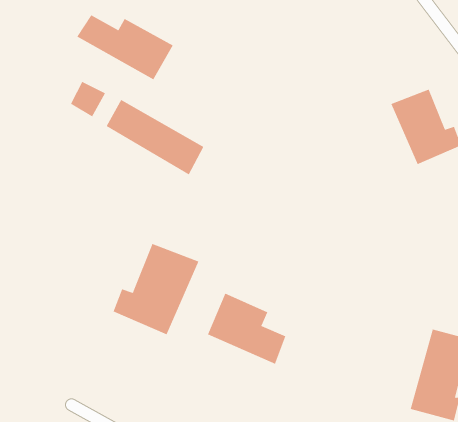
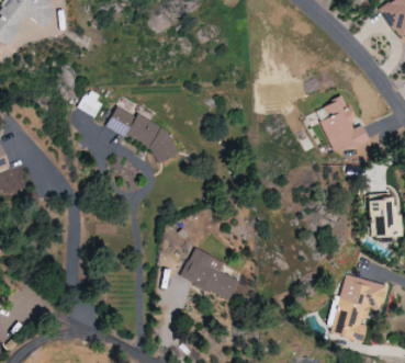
building: [76,15,173,80] -> none
building: [113,243,199,335] -> none

